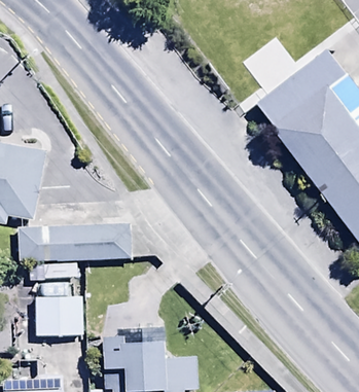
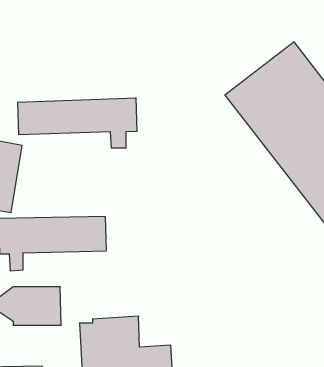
building: none -> [18,98,137,148]

